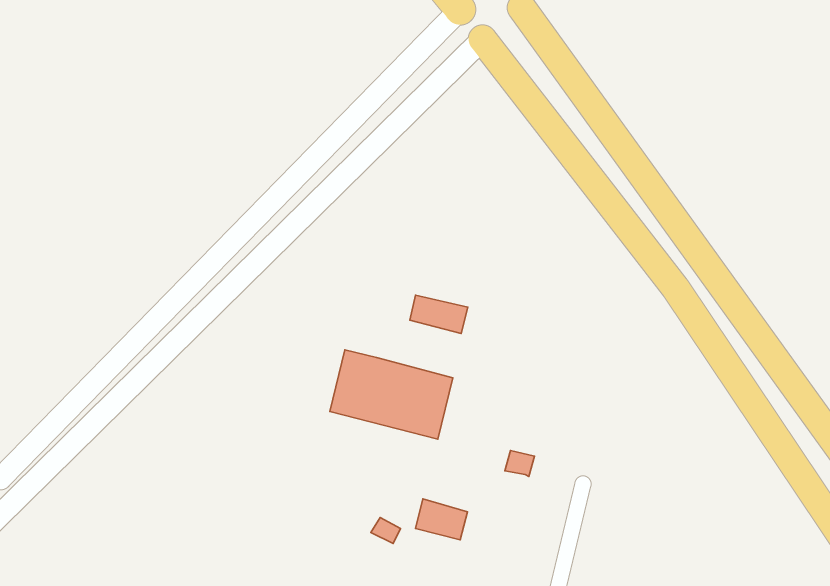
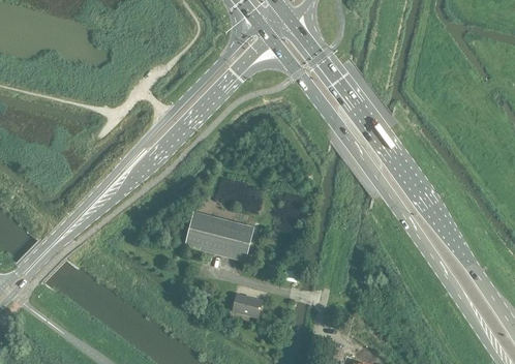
building: [410,295,468,334] -> none

